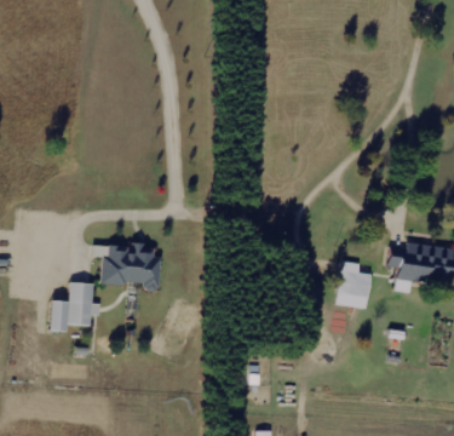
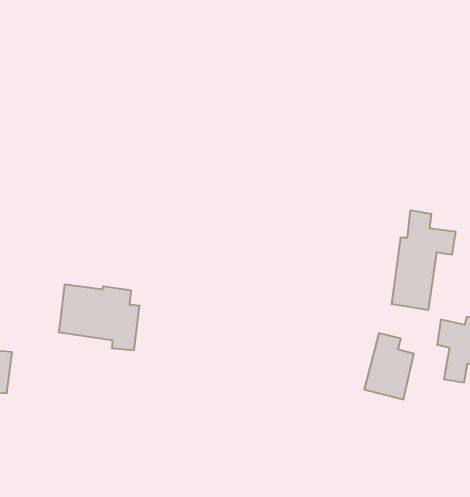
building: none -> [392,210,456,310]
building: [67,281,99,325] -> none

